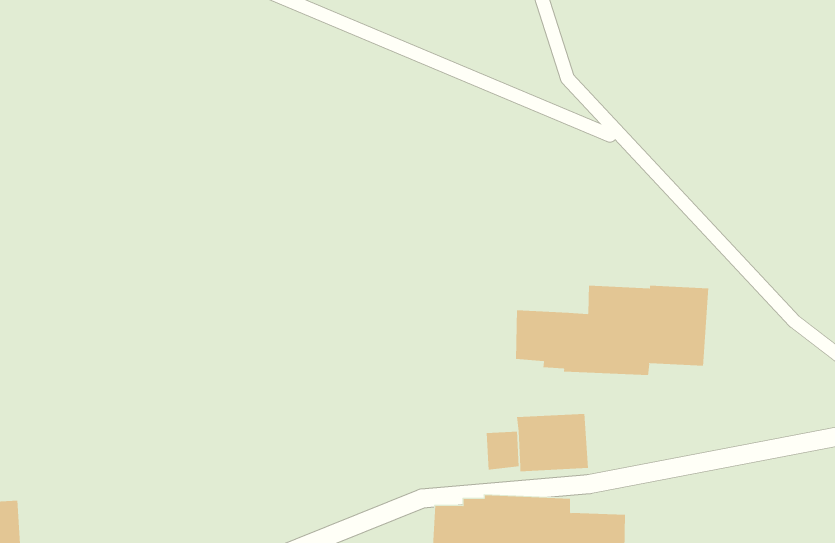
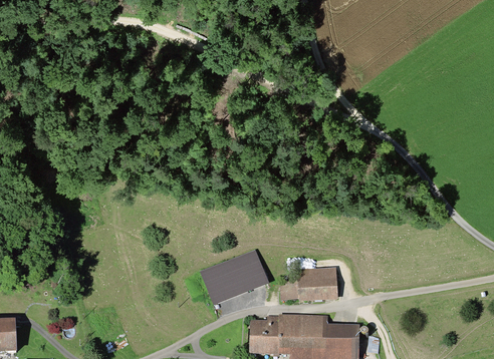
building: [516,285,709,376] -> none
building: none -> [199,250,268,305]

